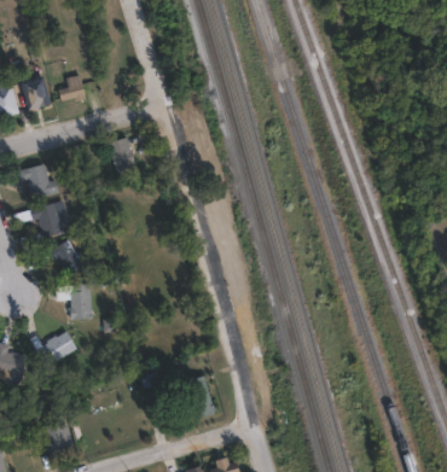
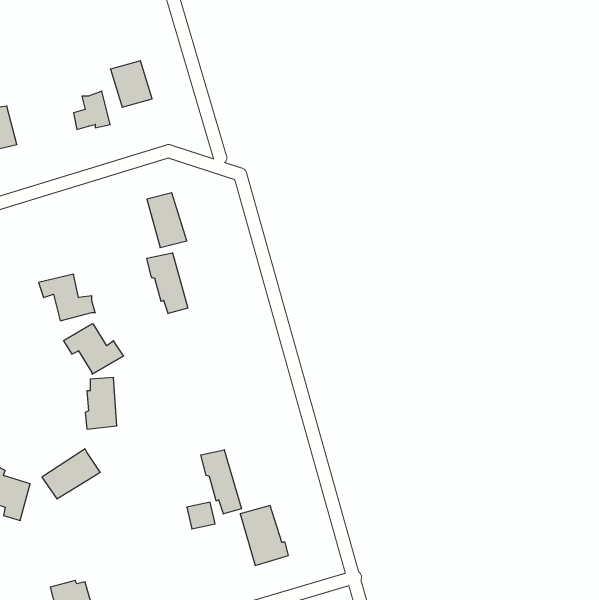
building: [22,76,52,110] -> [110,61,152,107]
building: [21,163,60,199] -> none
building: none -> [147,253,188,314]
building: none -> [201,450,241,514]

